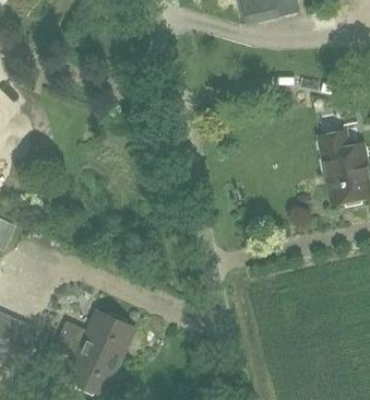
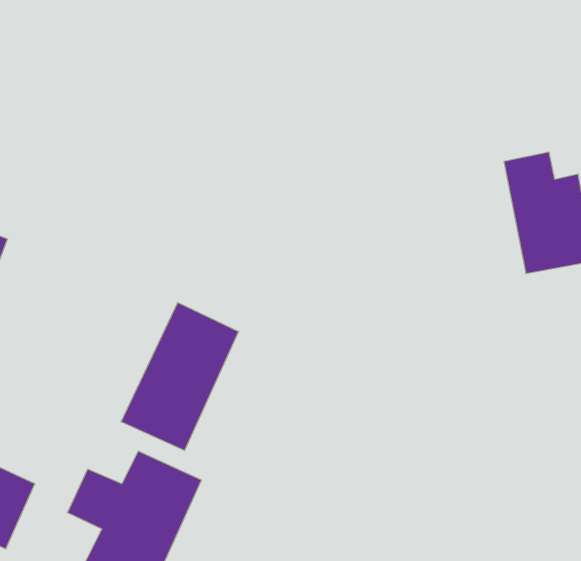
building: none -> [121,303,239,451]

